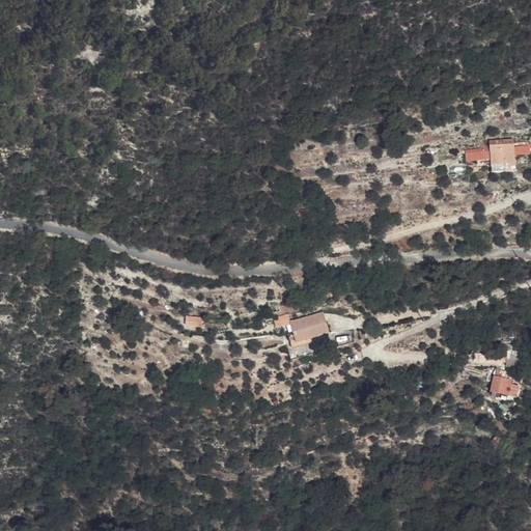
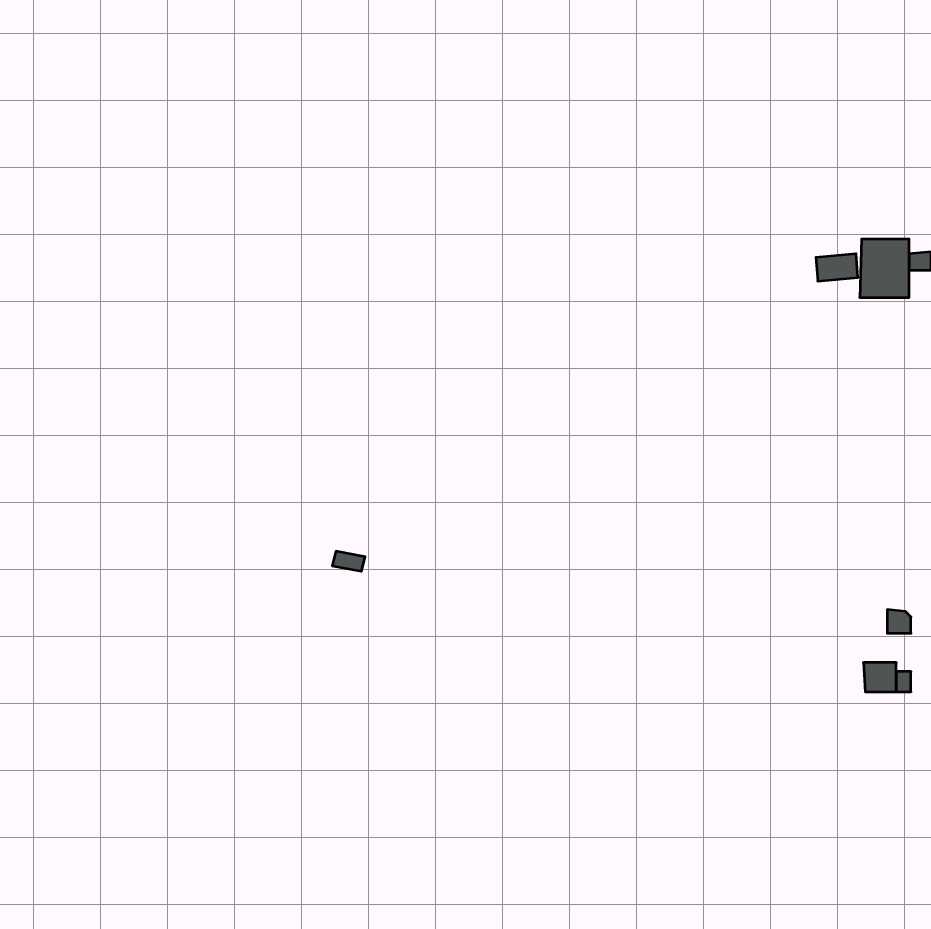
building: [285,312,332,343] -> none

